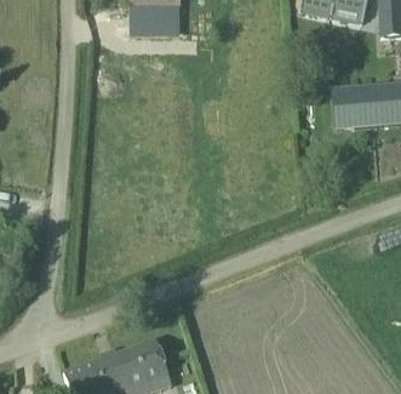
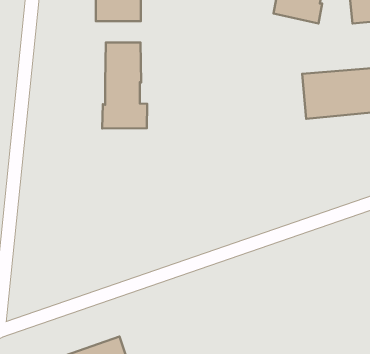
building: none -> [102,43,147,129]

